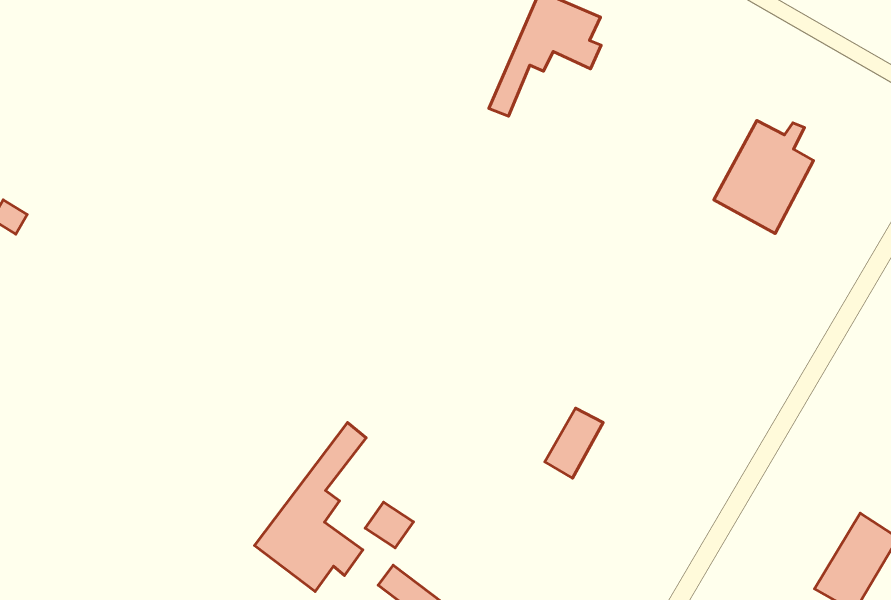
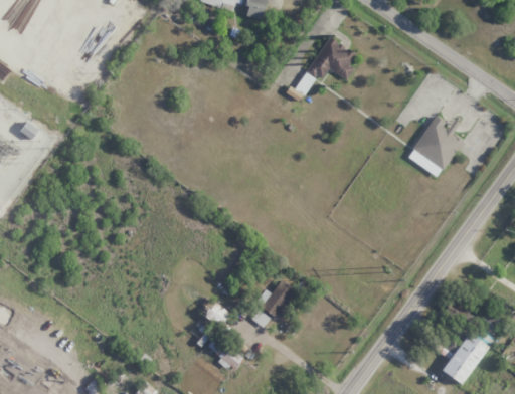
building: [545,408,603,478] -> [262,280,295,318]
building: [254,422,366,592] -> none

